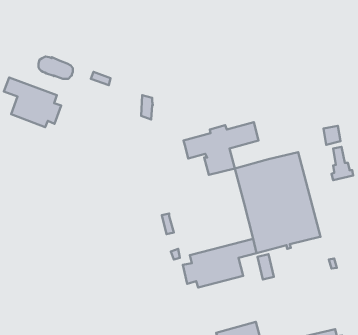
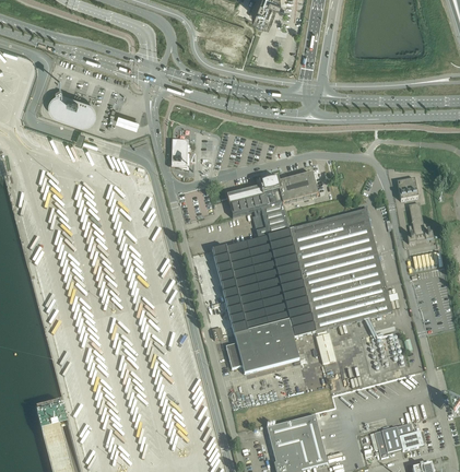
building: [4,77,61,127] -> none
building: none -> [211,228,310,333]

